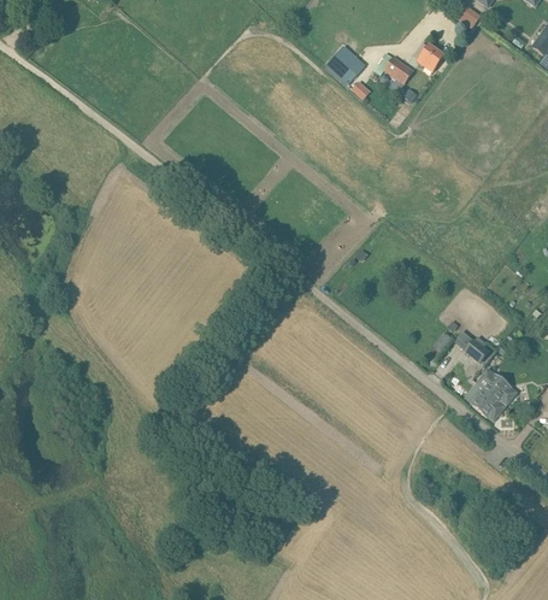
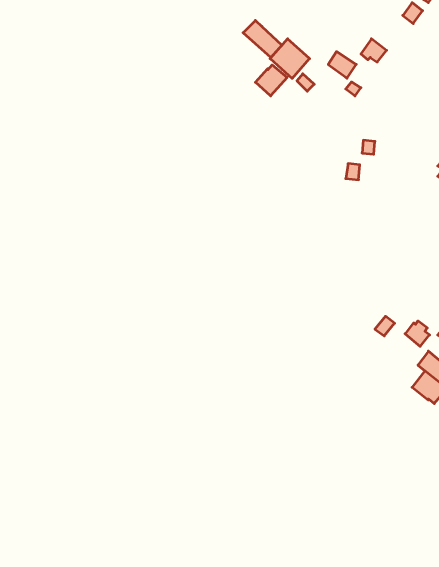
building: none -> [243,20,282,57]
building: none -> [255,65,287,96]

